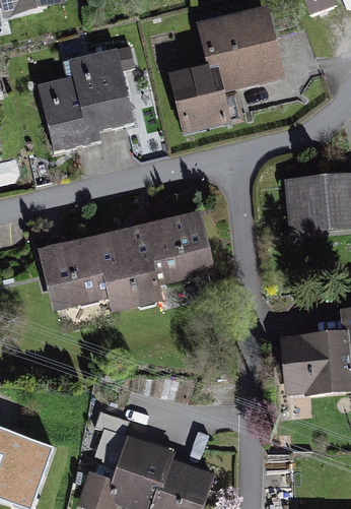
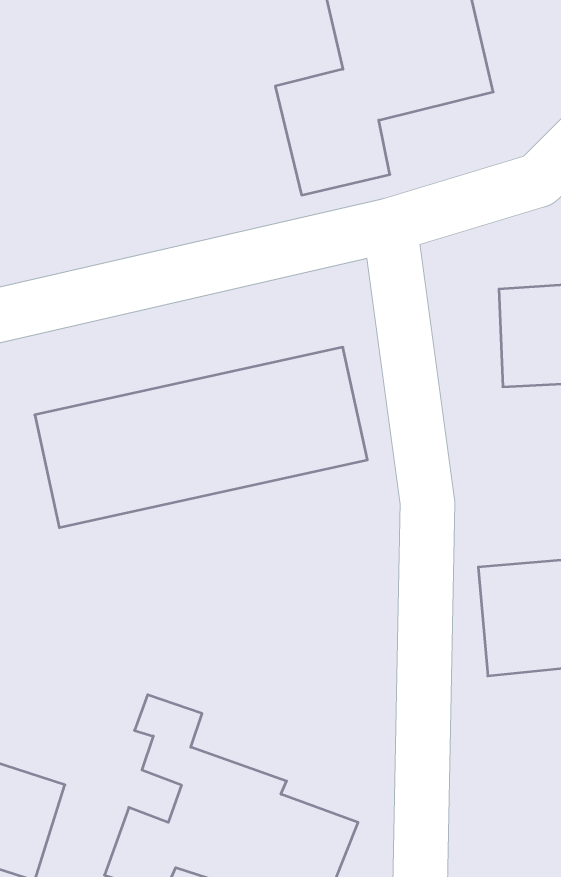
building: [36,43,134,151] -> none

